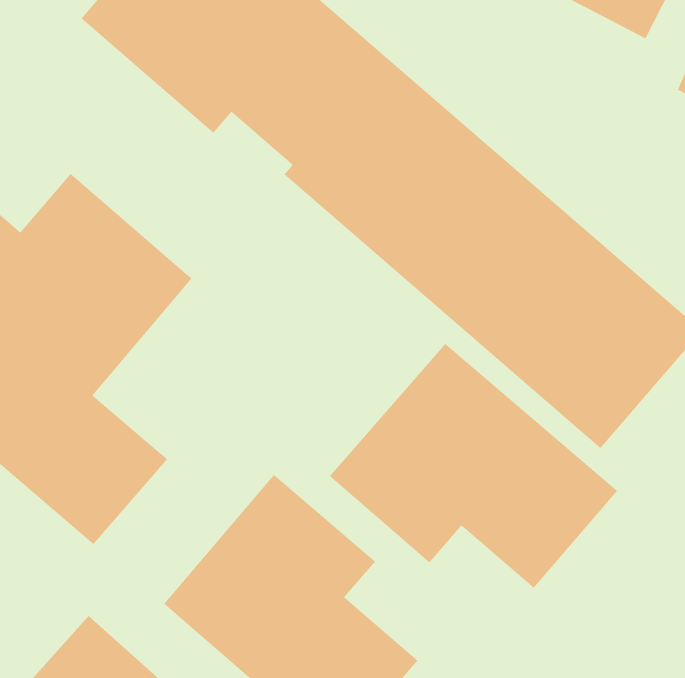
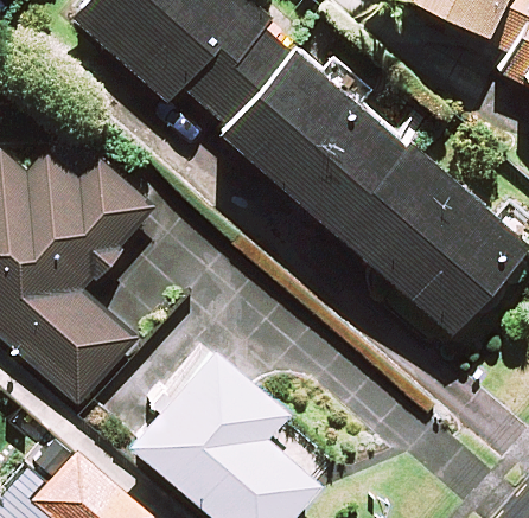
building: [329,343,618,589] -> none

